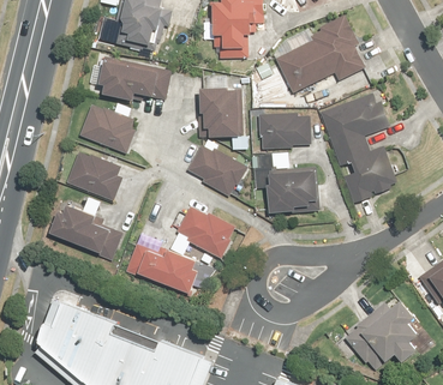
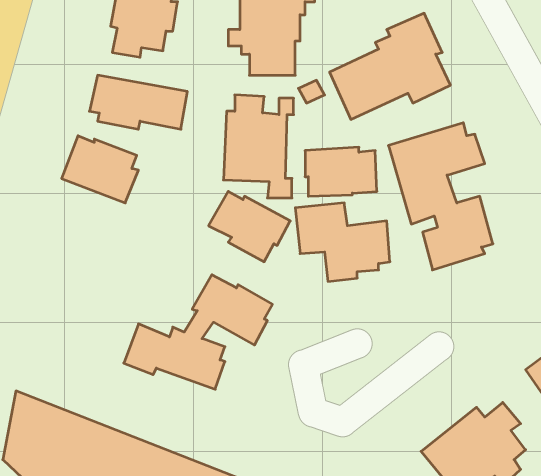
building: [68,148,125,200] -> none
building: [52,205,112,249] -> none

